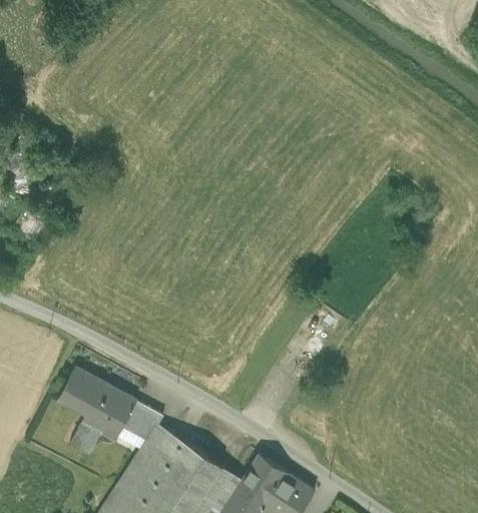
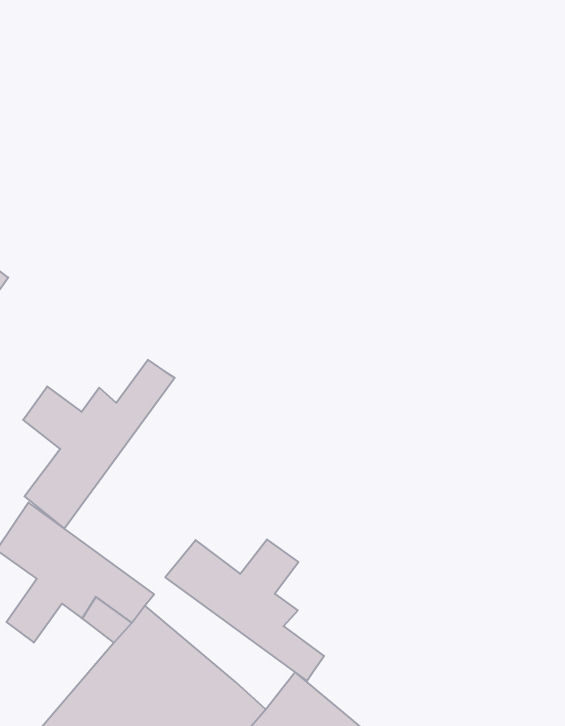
building: none -> [23,360,175,529]
building: none -> [165,539,324,681]

